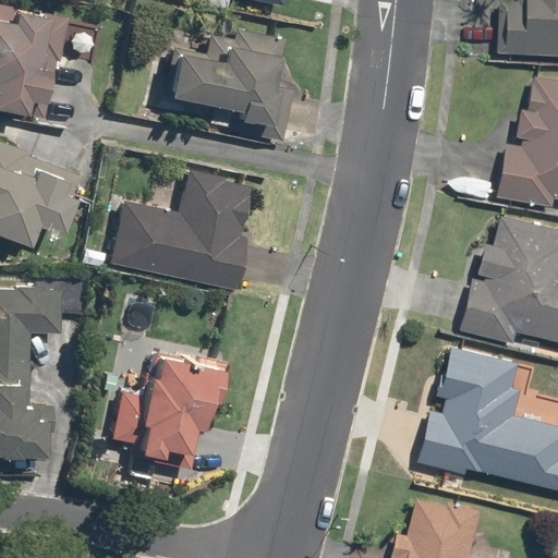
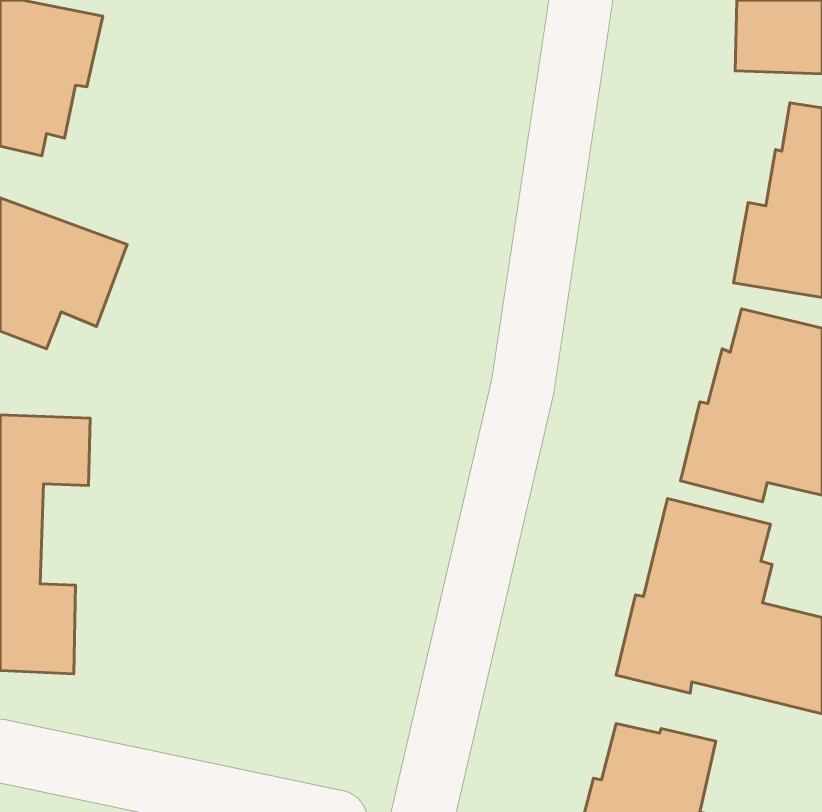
building: [161,29,295,143] -> none
building: [105,169,257,291] -> none
building: [110,351,226,473] -> none

